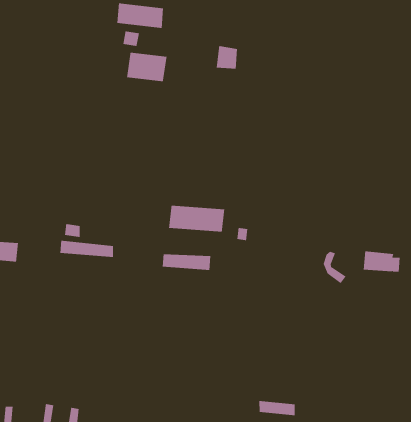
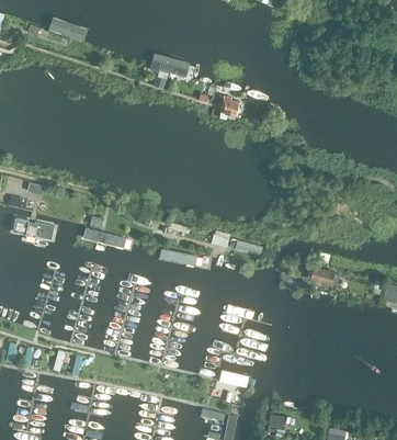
building: [126,52,167,82] -> none
building: [169,205,225,233] -> none

